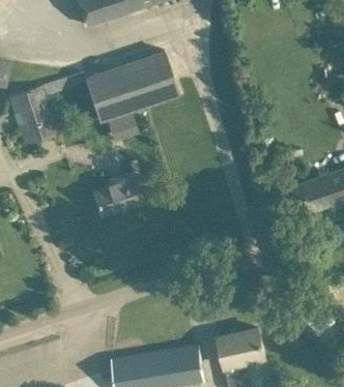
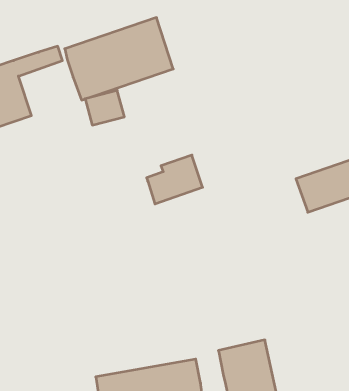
building: [93,173,142,215] -> [147,155,203,204]

